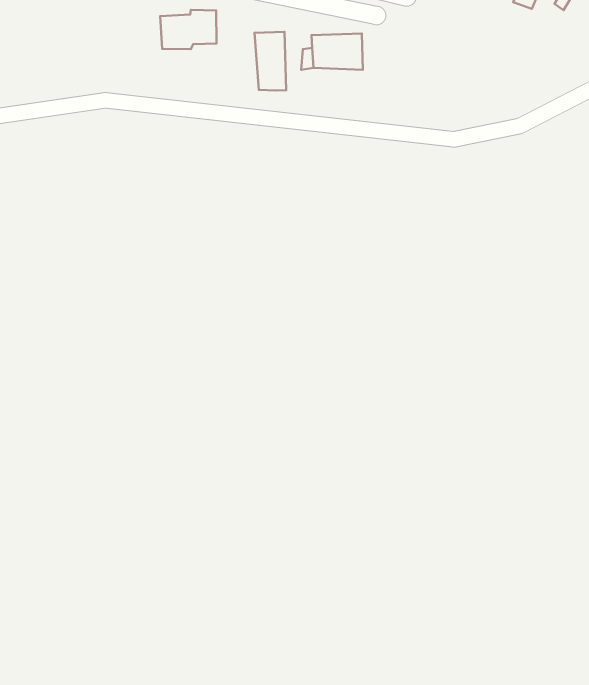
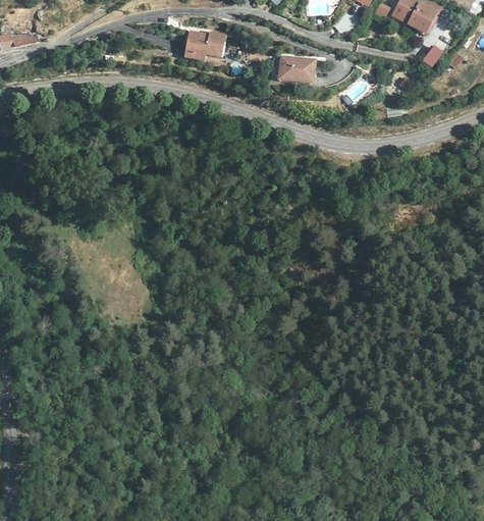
building: [255,32,286,91] -> none

